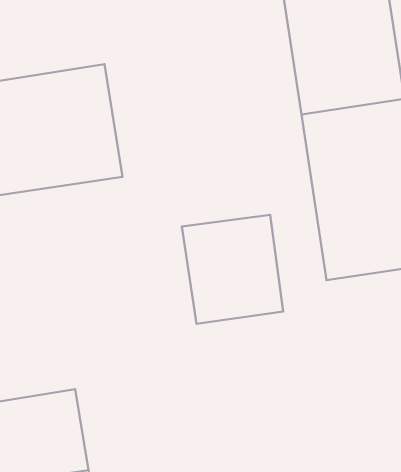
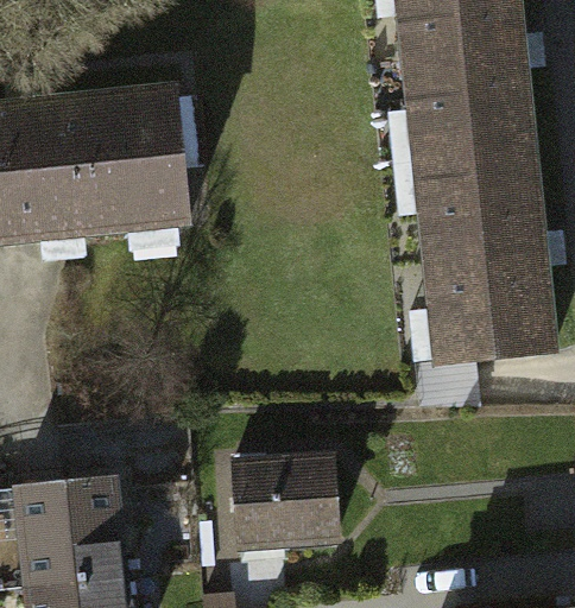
building: [182,215,283,324] -> none
building: none -> [234,451,345,547]

